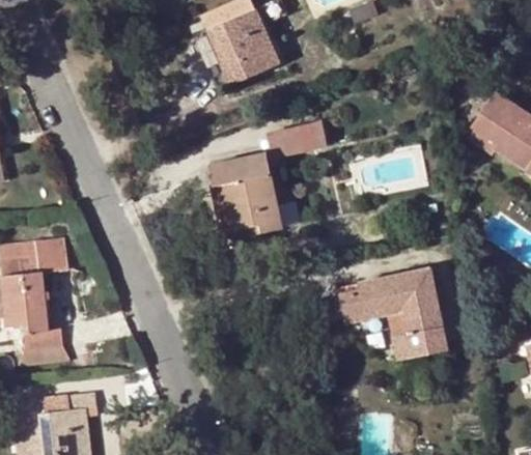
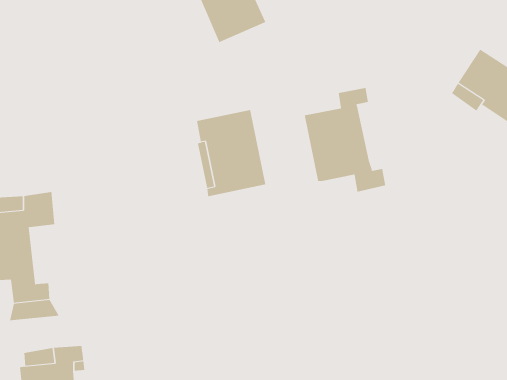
building: [268,124,307,159] -> none
building: none -> [304,87,386,193]
building: [341,267,446,359] -> none

